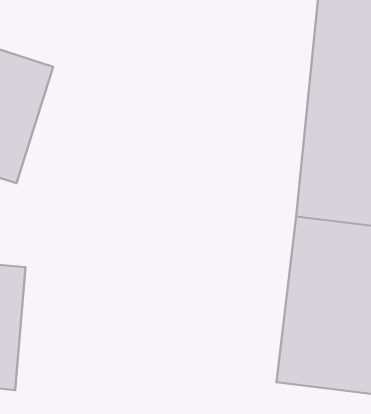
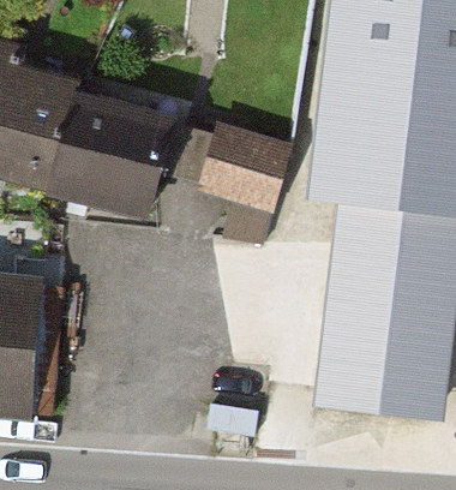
building: none -> [44,100,174,232]
building: none -> [196,118,296,214]

